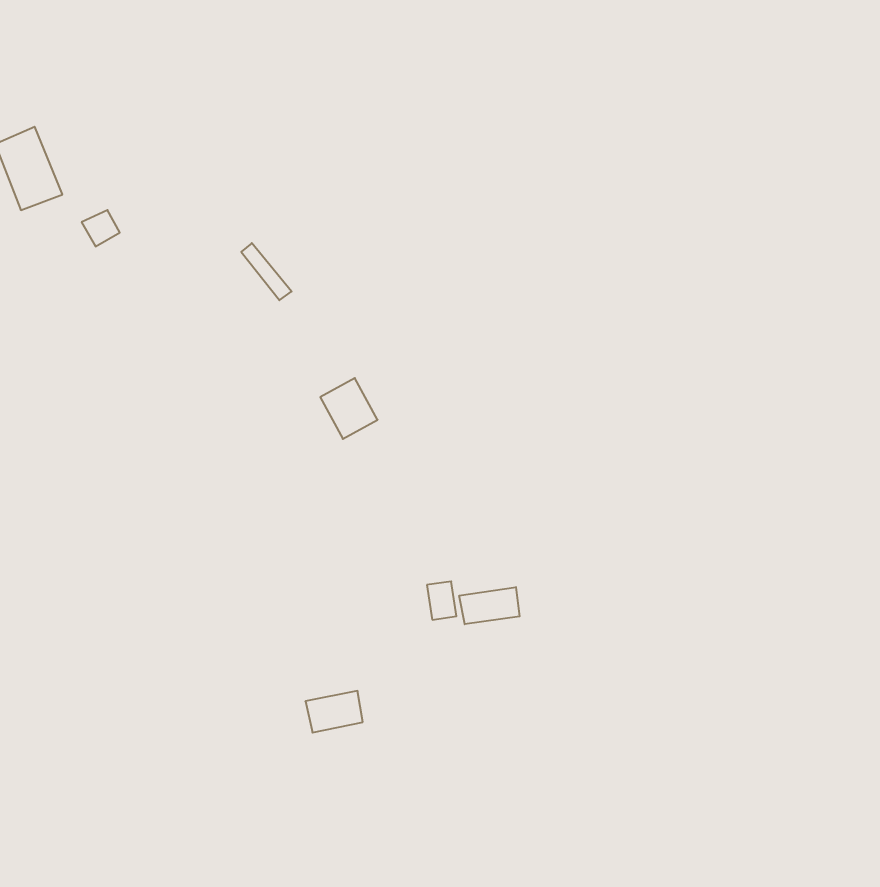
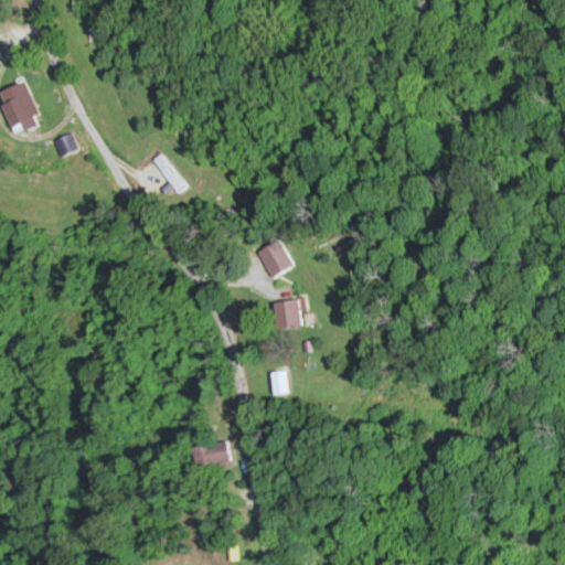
building: [320,378,378,439] -> [256,239,292,278]
building: none -> [273,298,302,330]
building: [459,587,520,624] -> none

